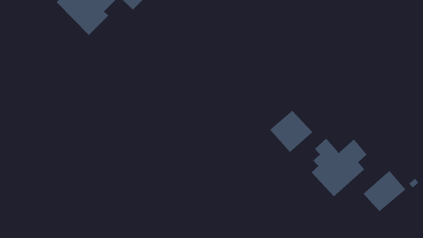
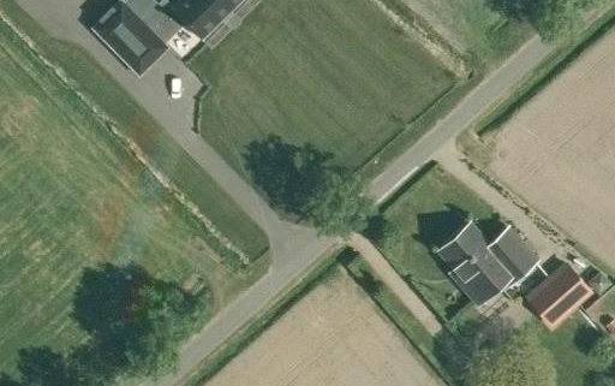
building: [269,110,313,153] -> none

